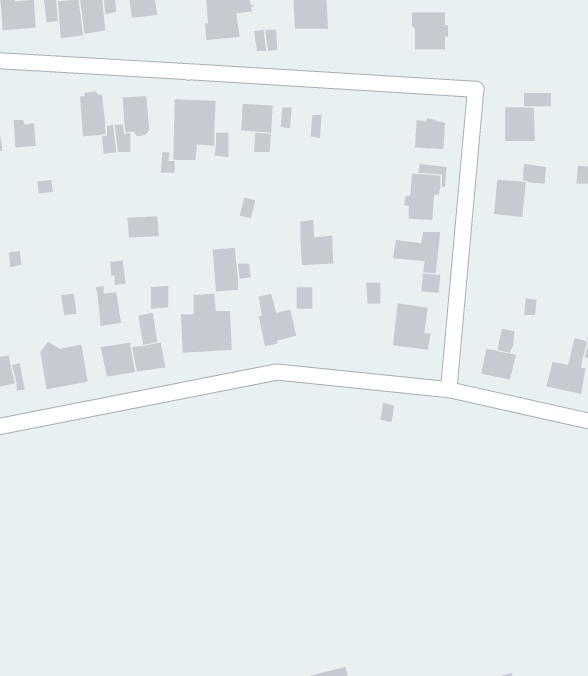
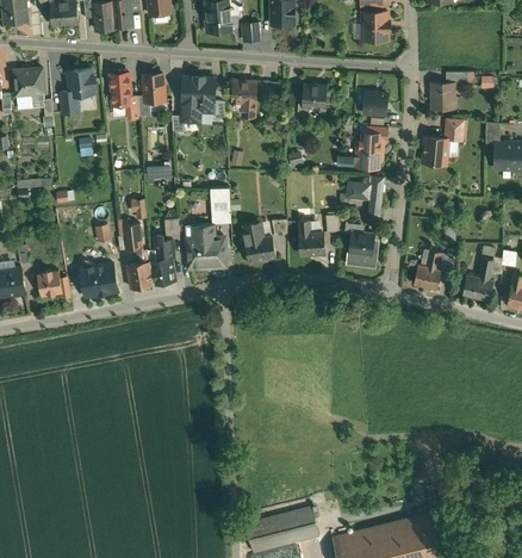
building: none -> [68,68,97,95]
building: none -> [298,85,327,116]
building: [299,220,334,265] -> [299,219,325,254]

